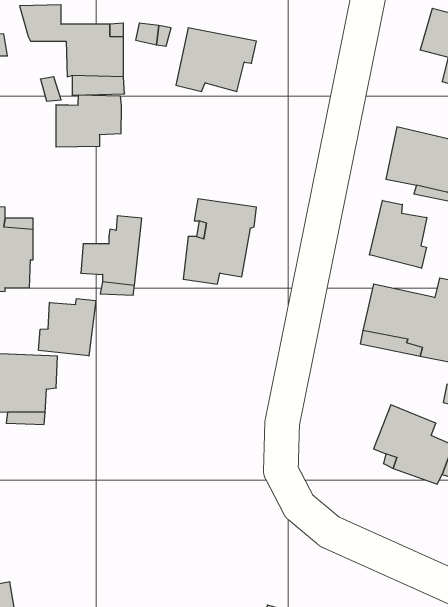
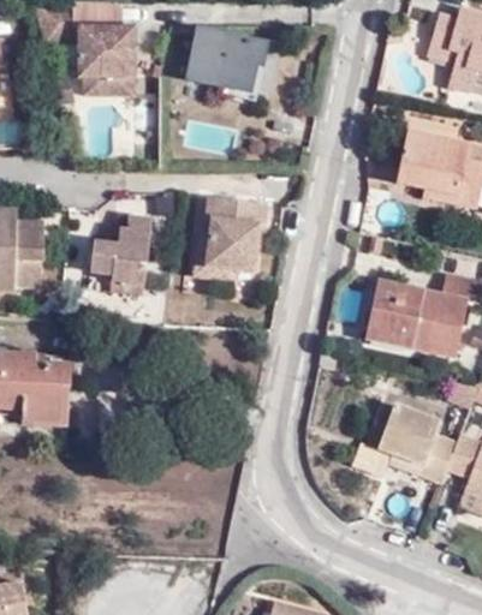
building: [56,95,121,147] -> none
building: [369,200,427,268] -> none
building: [39,299,96,356] -> none

